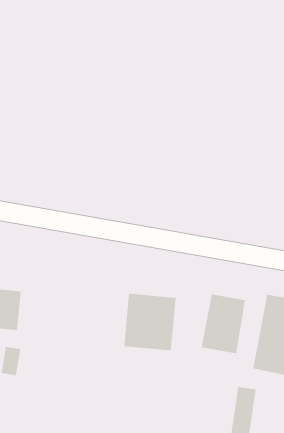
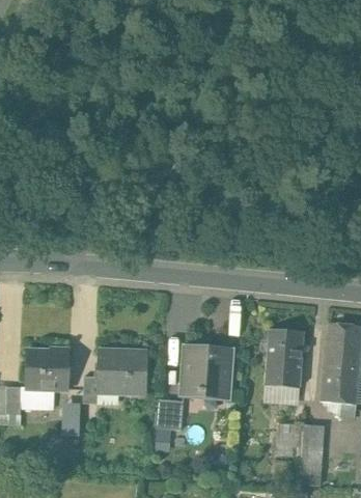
building: none -> [84,348,149,403]
building: none -> [159,397,186,427]

